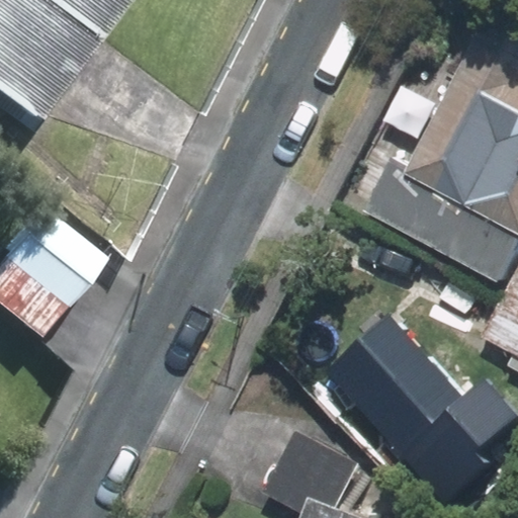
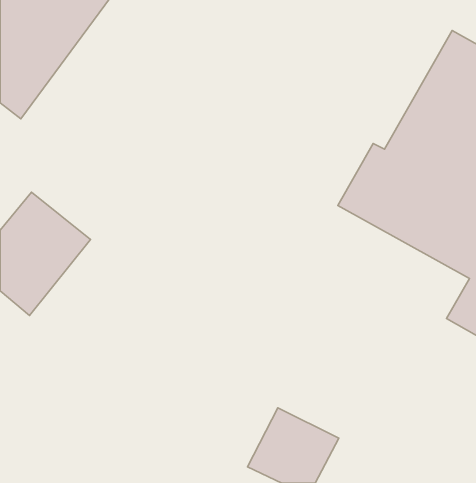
building: [334,315,490,471] -> none

